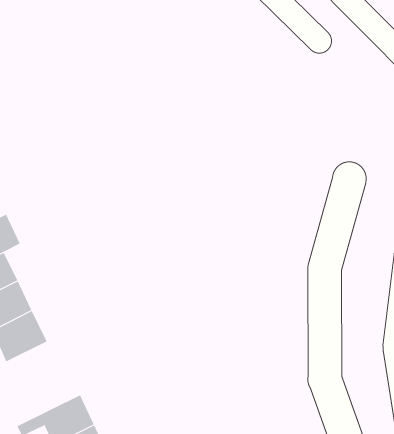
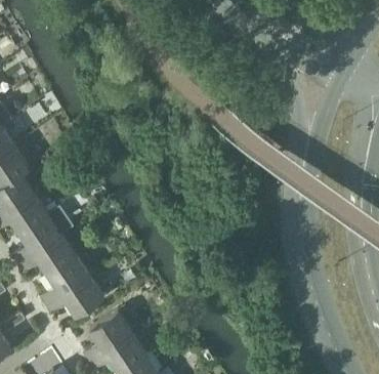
building: none -> [84,310,133,362]

